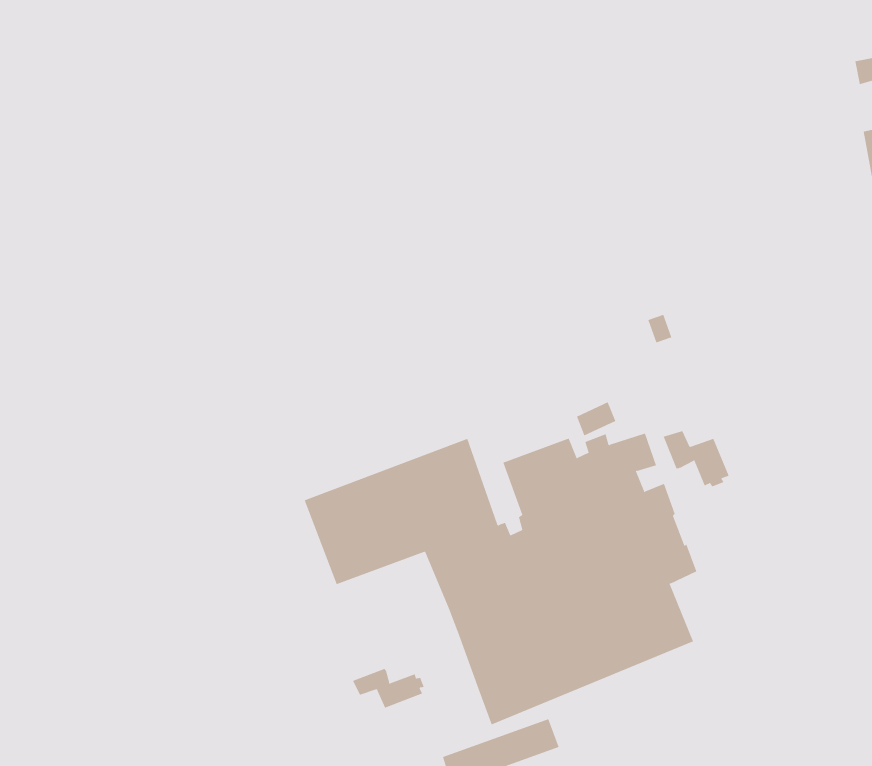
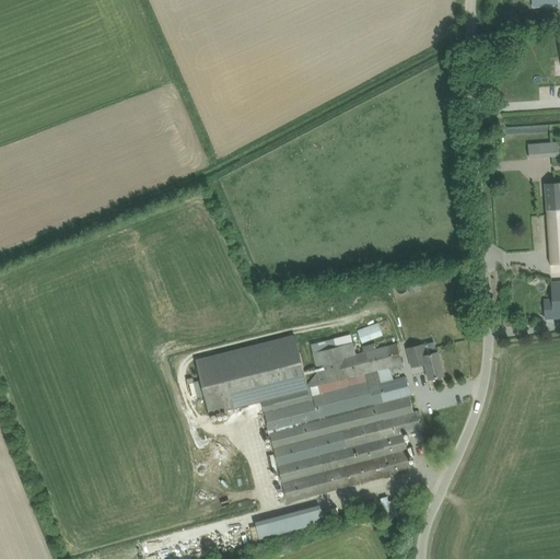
building: [352,668,424,708] -> none

